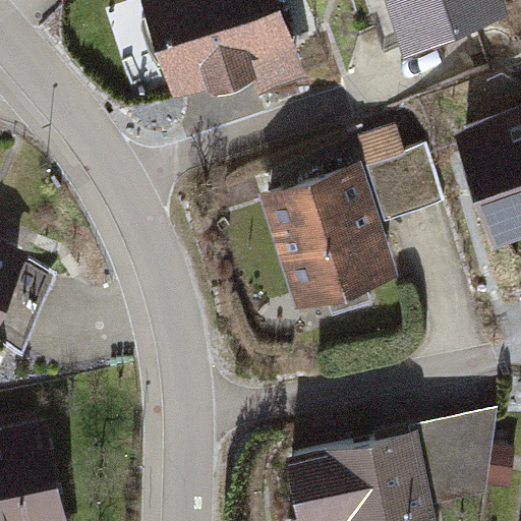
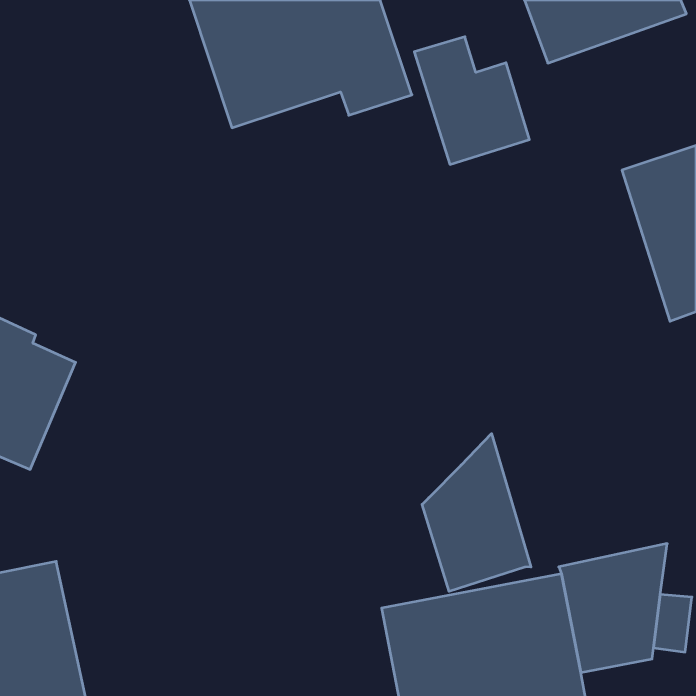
building: [356,125,442,220] -> [414,37,529,164]
building: [262,167,394,313] -> none
building: none -> [422,434,531,591]

